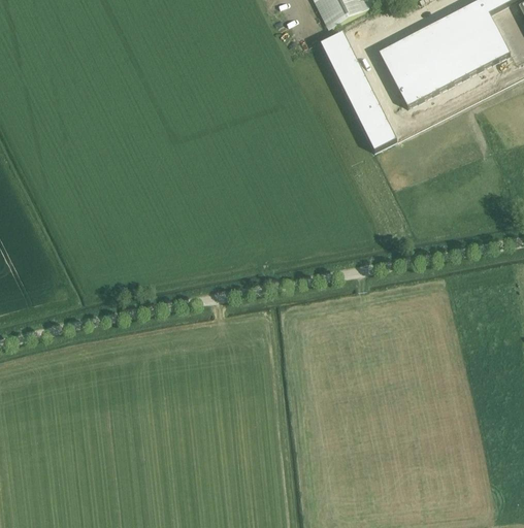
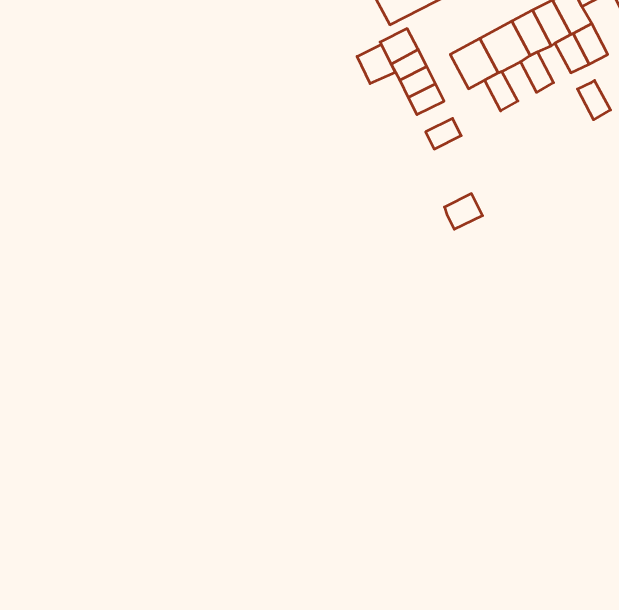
building: [452,41,480,74] -> [577,80,611,120]
building: none -> [357,44,395,84]
building: [422,57,451,90] -> none
building: [394,72,421,105] -> none
building: [351,90,381,116] -> none
building: [365,119,397,148] -> [444,194,483,229]

